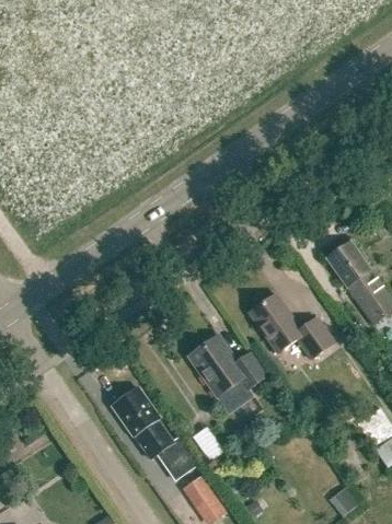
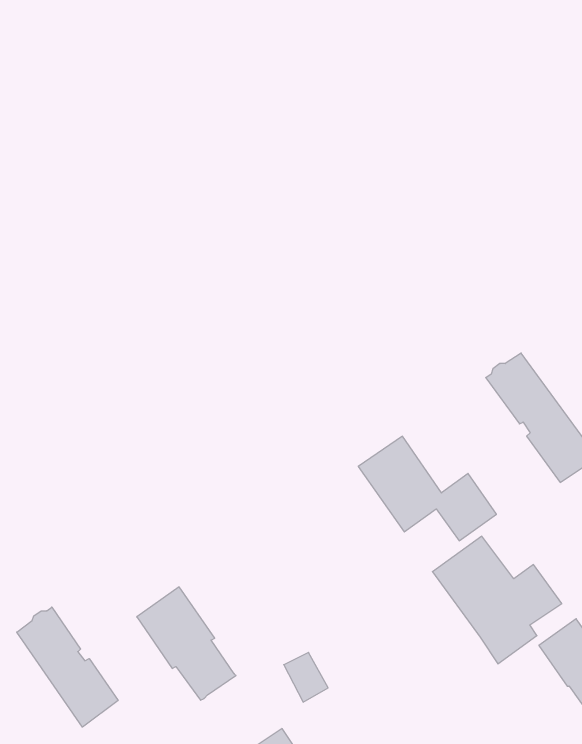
building: [187,335,267,414] -> [432,536,562,664]
building: none -> [17,607,118,727]
building: [155,435,197,479] -> none

